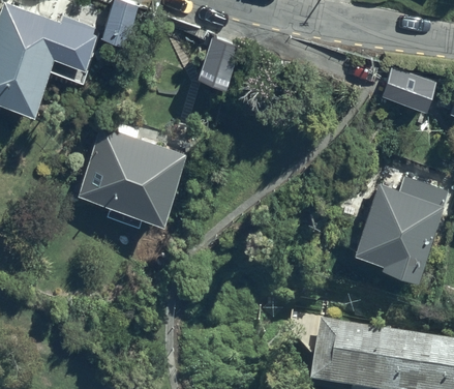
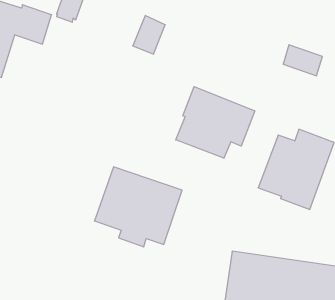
building: none -> [176,87,255,158]
building: [79,127,187,227] -> [94,167,182,247]

